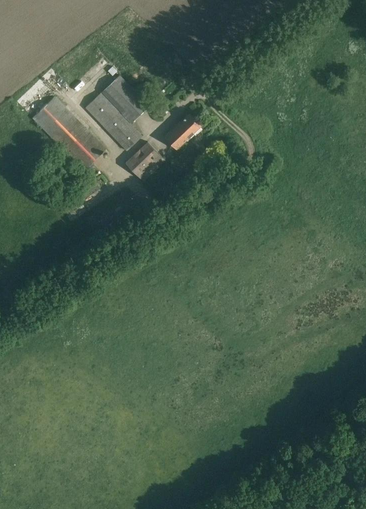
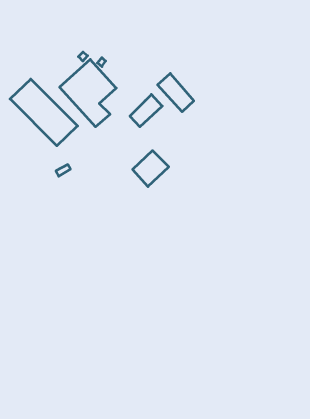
building: none -> [158,73,194,112]
building: [124,143,164,183] -> [133,151,169,187]

